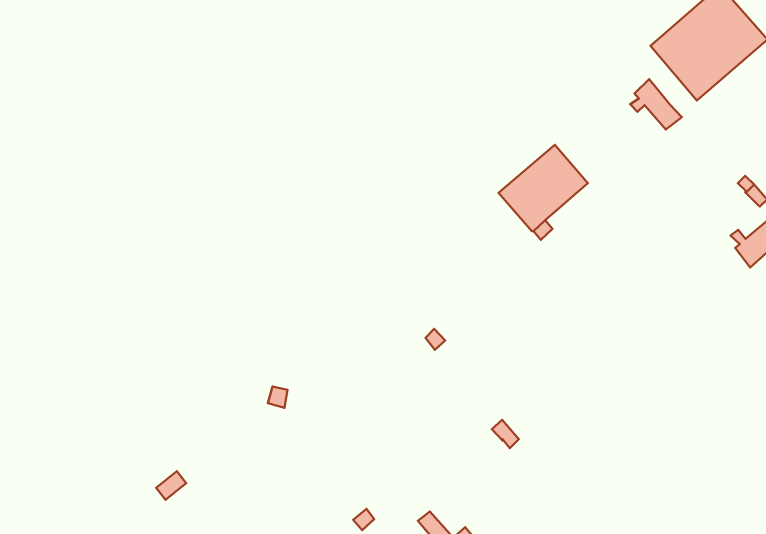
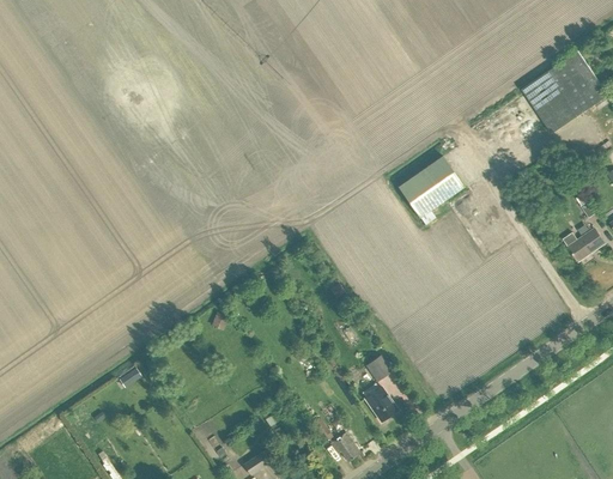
building: [630,79,682,129] -> none
building: none -> [364,387,397,422]

